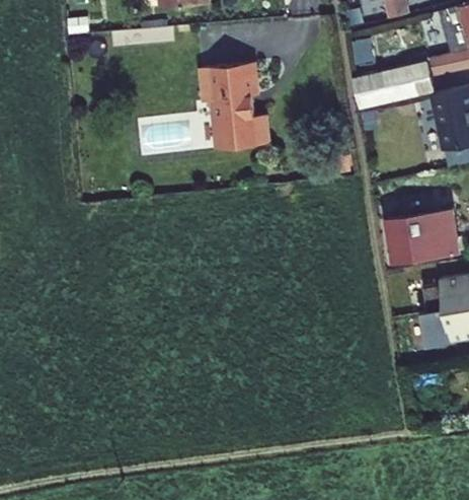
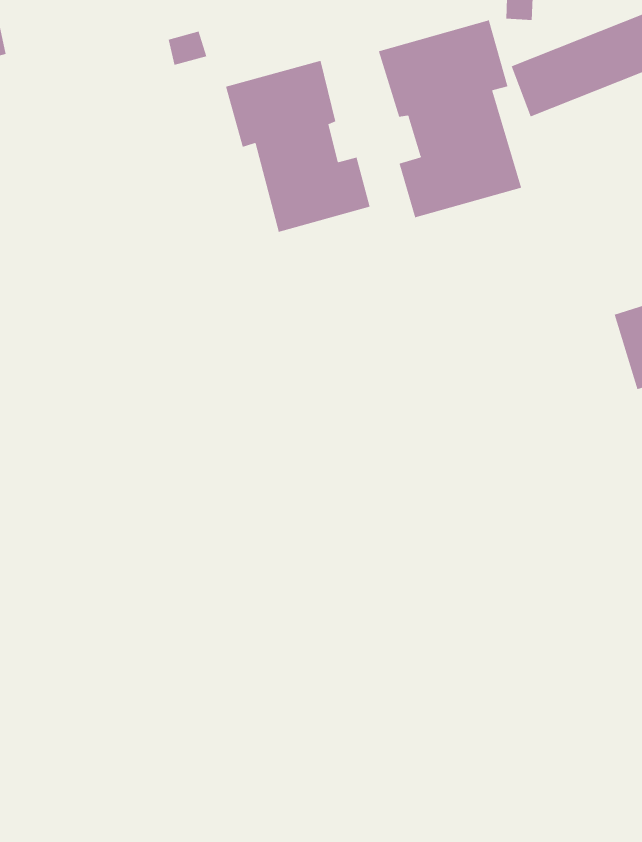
building: none -> [378,19,522,218]

